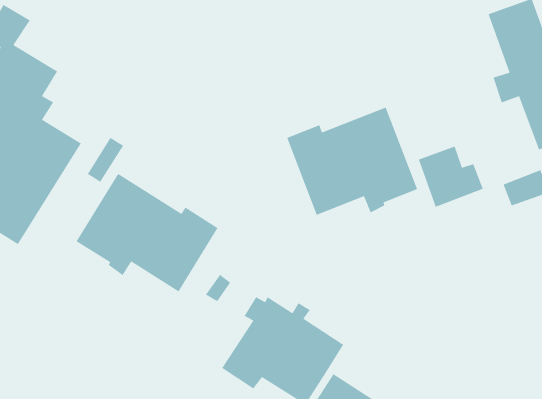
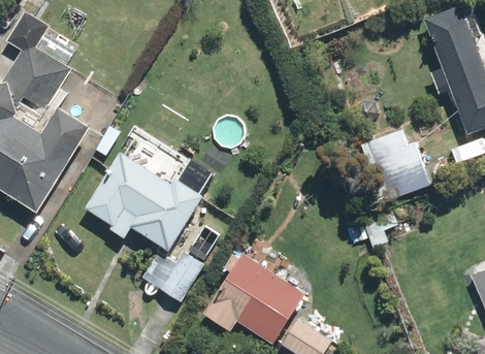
building: [286,107,418,216] -> none
building: none -> [139,251,202,301]

